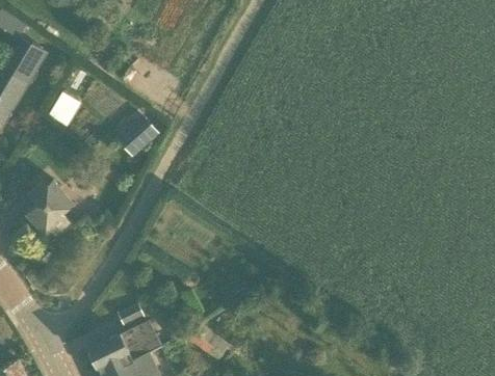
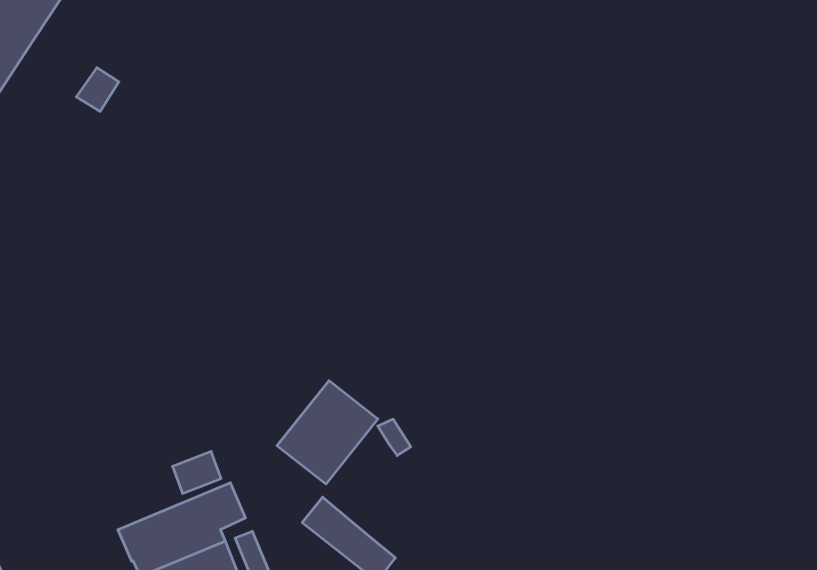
building: [123,117,157,152] -> none
building: [26,179,73,235] -> none
building: none -> [277,381,378,484]

